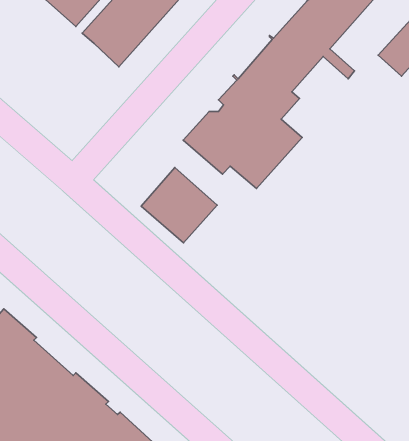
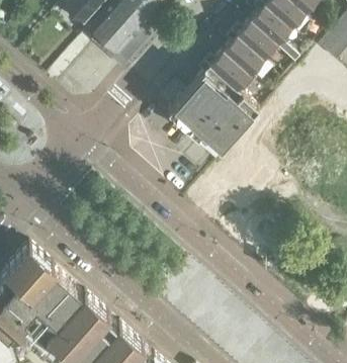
building: [141,167,217,243] -> none

